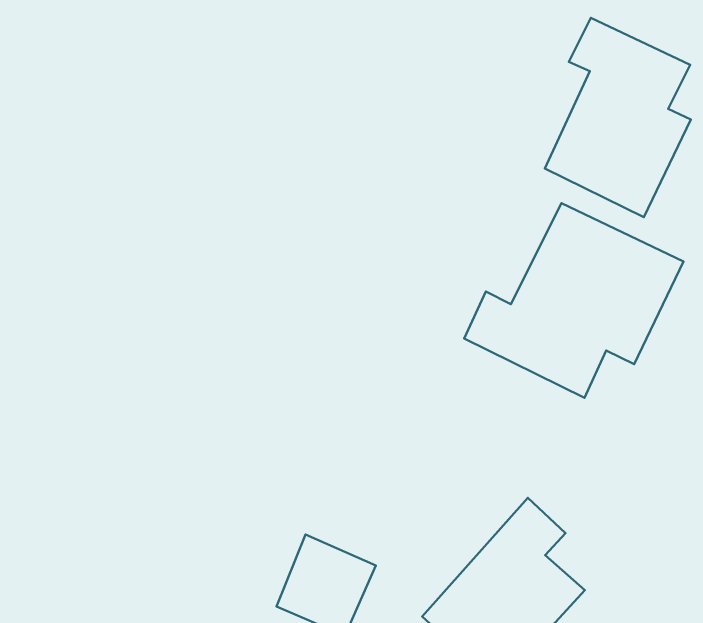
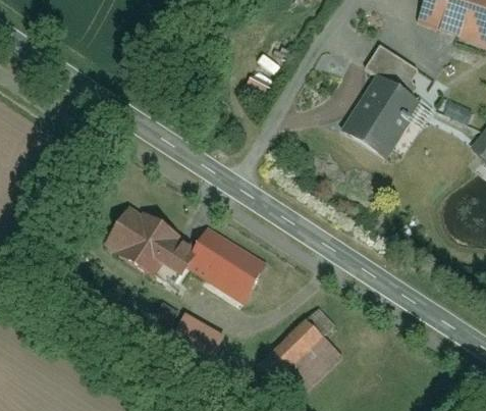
building: [464,203,684,398] -> none
building: none -> [114,214,261,303]

